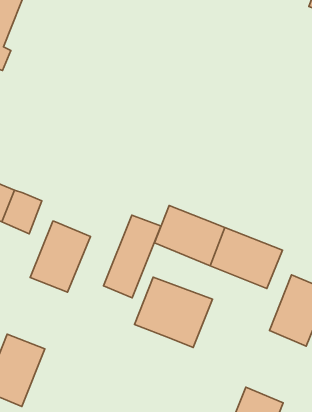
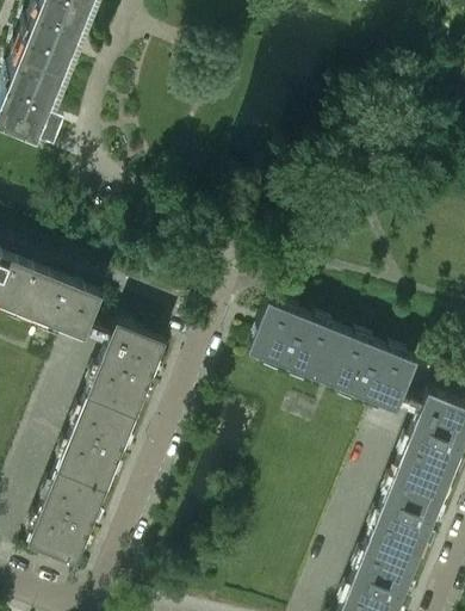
building: [104,215,161,298] -> none
building: [135,277,212,347] -> none
building: none -> [58,397,137,490]
building: none -> [370,467,448,561]

